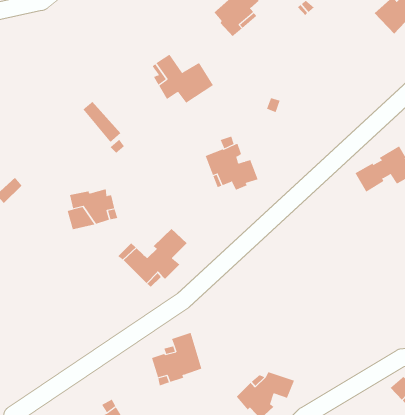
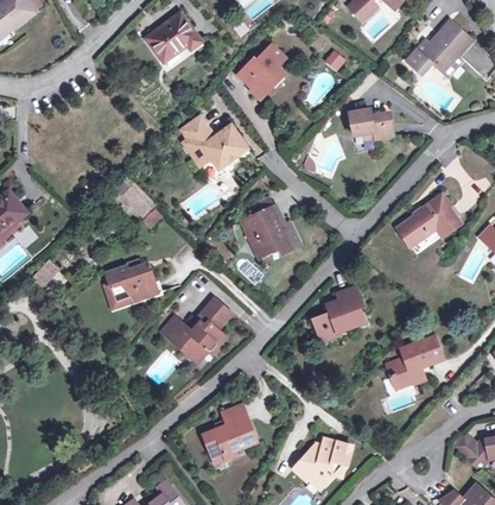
building: none -> [349,108,393,139]
building: none -> [313,285,363,340]
building: none -> [386,336,442,385]

